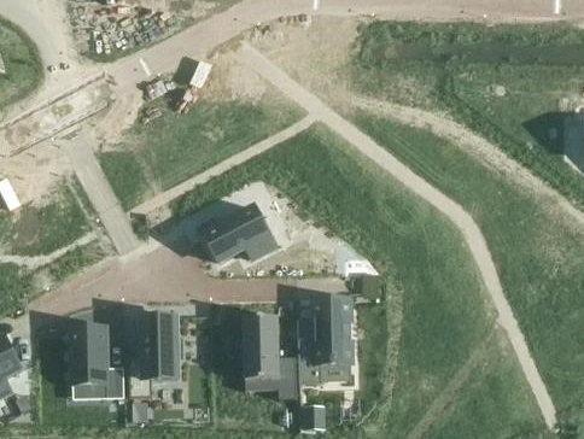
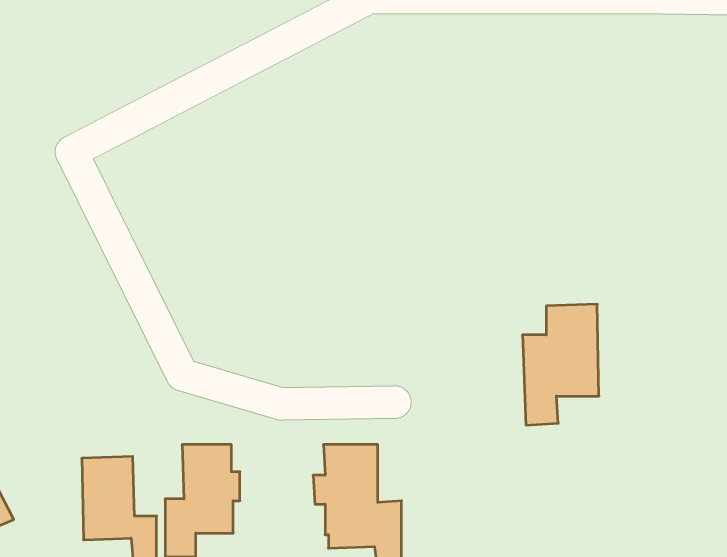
building: [203,206,275,262] -> none
building: [297,299,351,385] -> [522,304,599,425]

